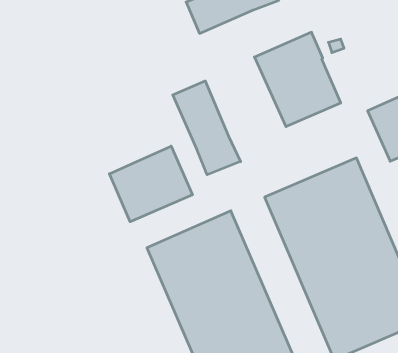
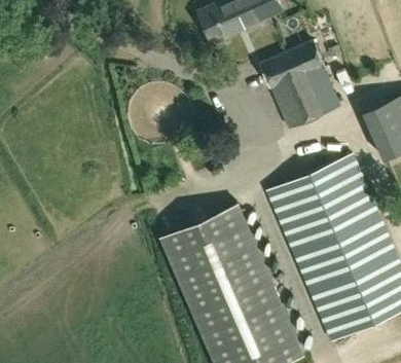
building: [173,81,241,175] -> none
building: [109,146,192,222] -> none

